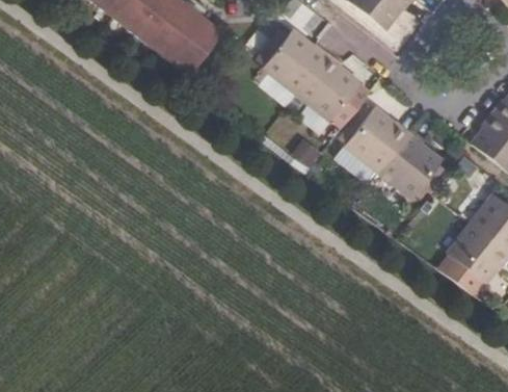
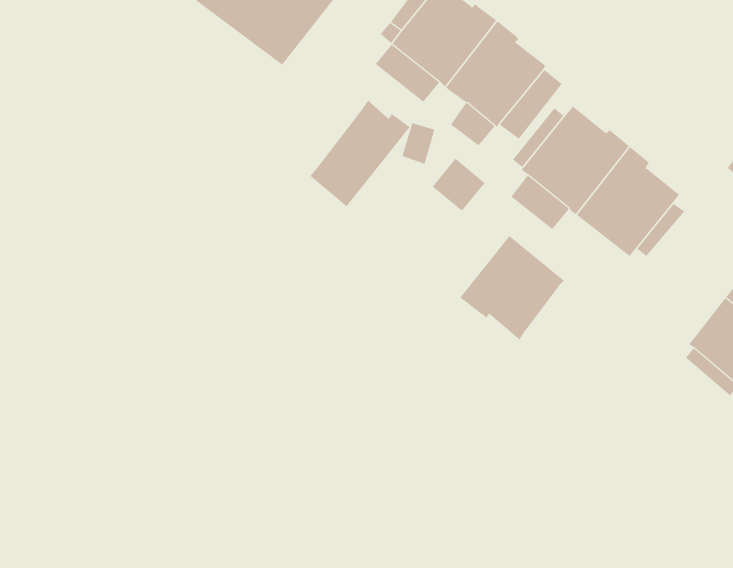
building: none -> [309,100,410,207]
building: none -> [460,235,565,341]

